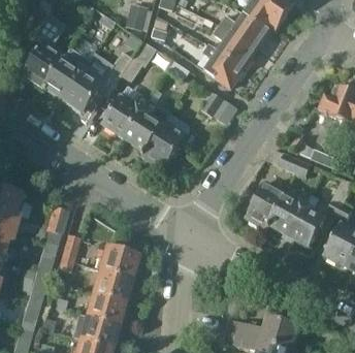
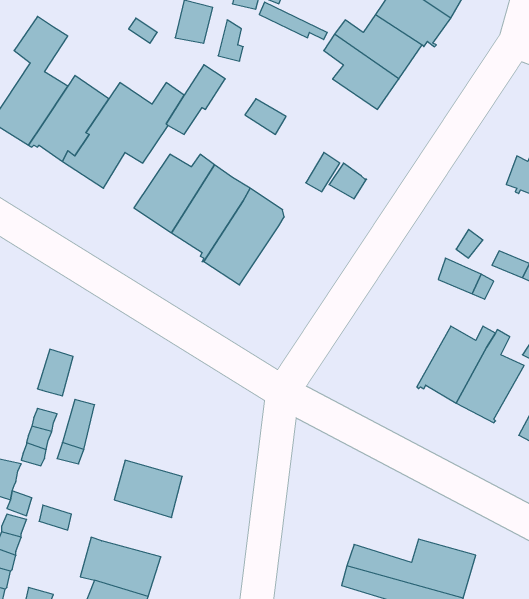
building: [202,44,244,89] -> none
building: [247,183,286,228] -> none
building: [96,246,138,280] -> none
building: [85,293,125,326] -> none

